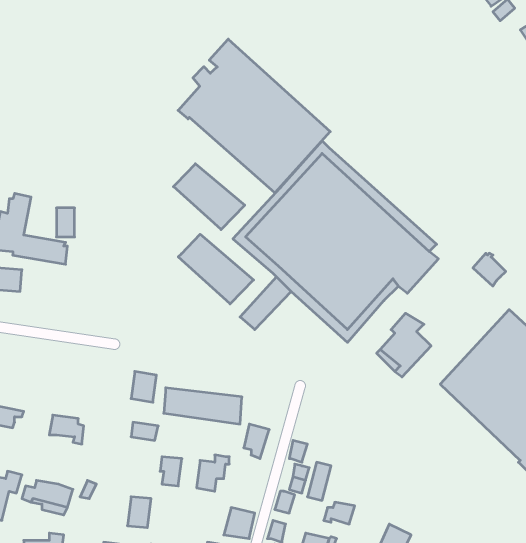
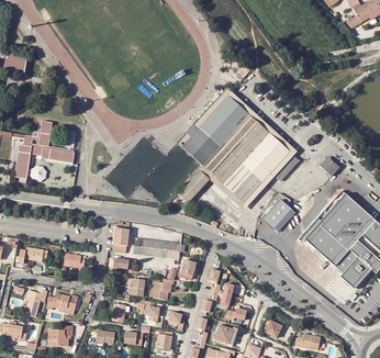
building: [178,39,330,193] -> none
building: [173,164,245,230] -> none
building: [178,234,254,304] -> none

